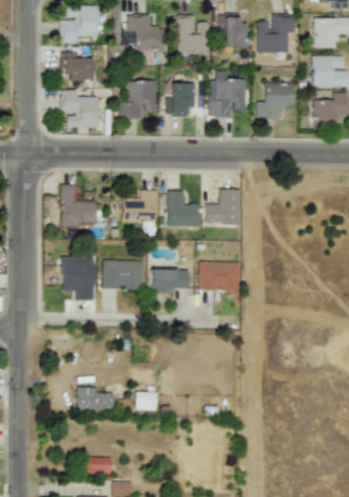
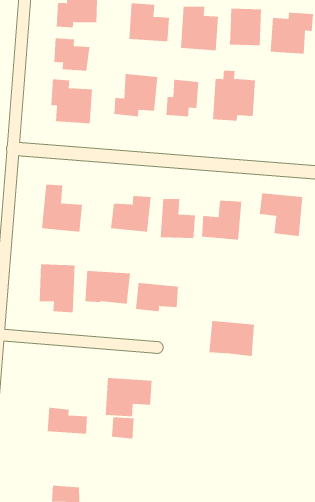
building: [256,83,294,117] -> none
building: none -> [259,193,303,237]
building: [199,261,239,291] -> [208,320,255,357]
building: none -> [105,377,152,417]

